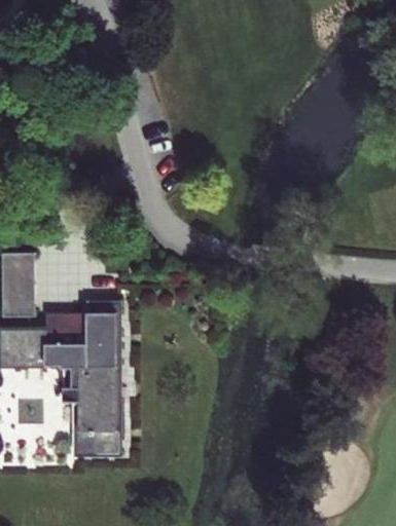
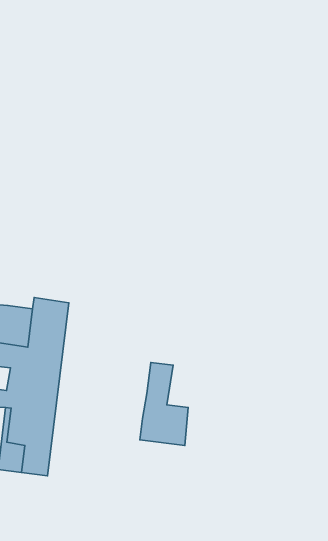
building: none -> [140,362,188,445]

